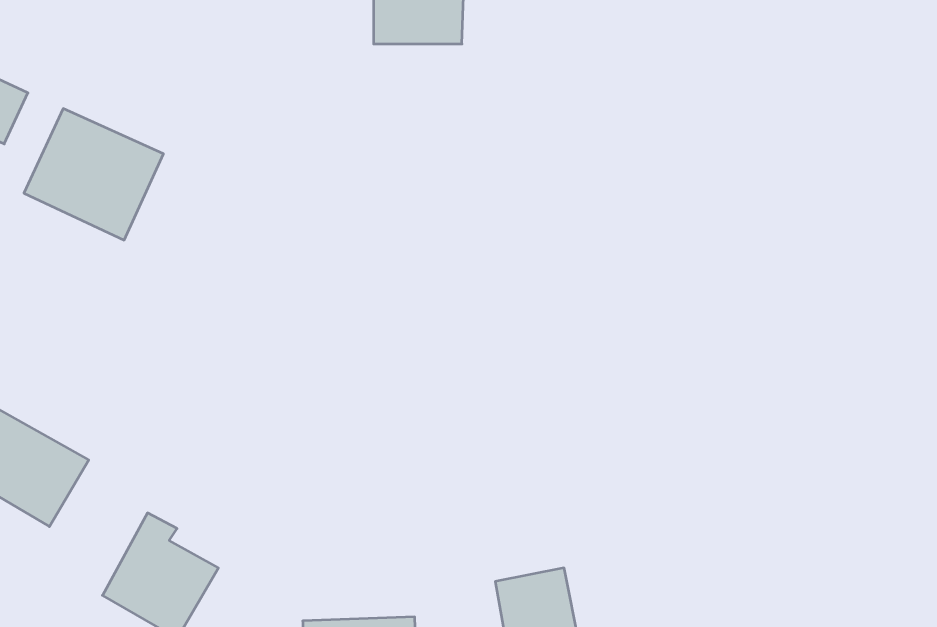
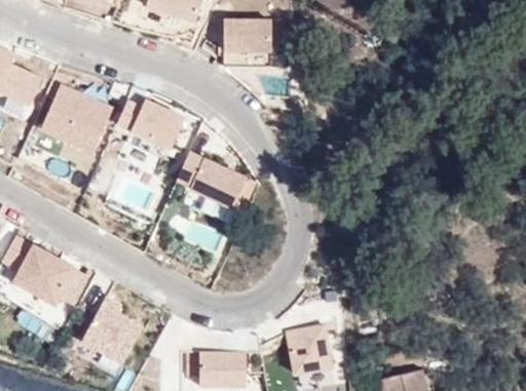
building: none -> [116,87,183,161]
building: none -> [177,154,255,214]

